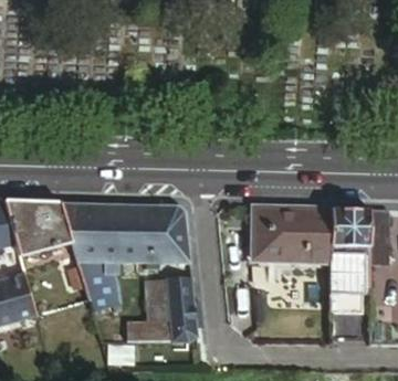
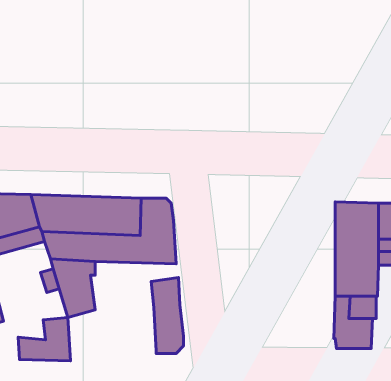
building: [253,207,331,262] -> none
building: [125,303,171,341] -> [18,317,70,361]

